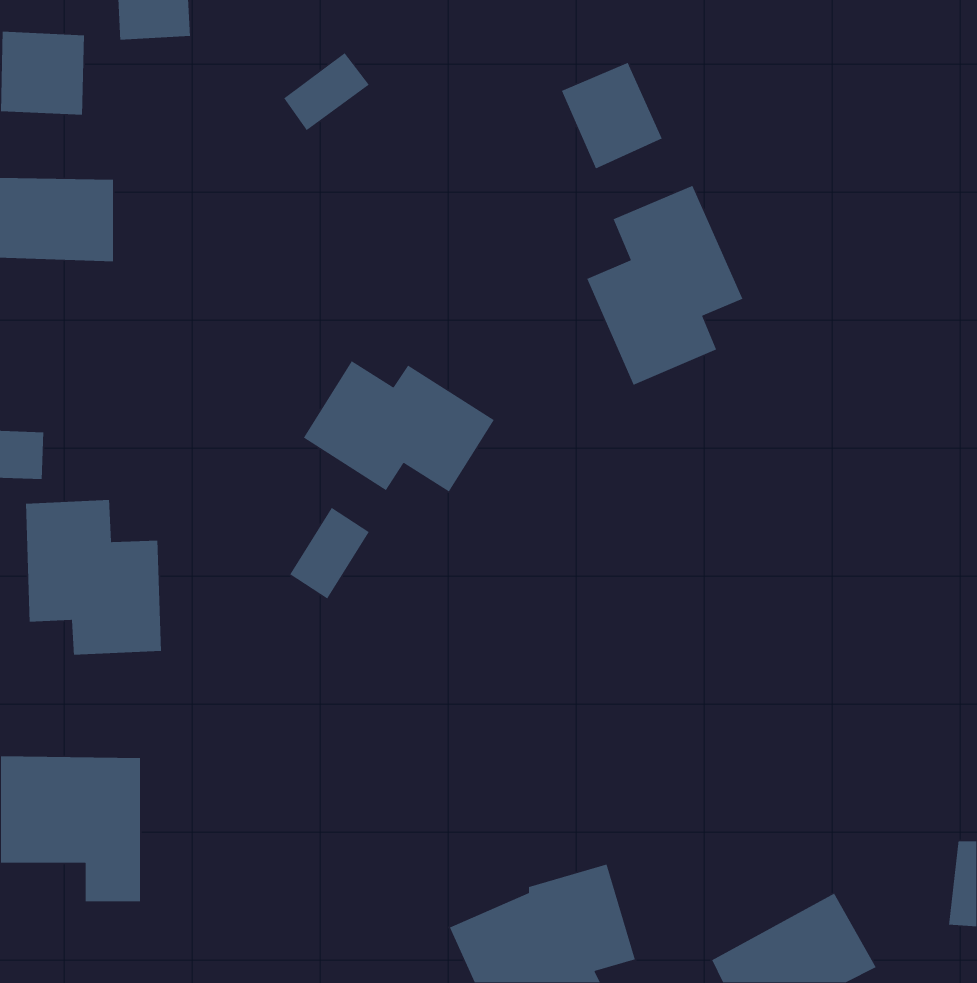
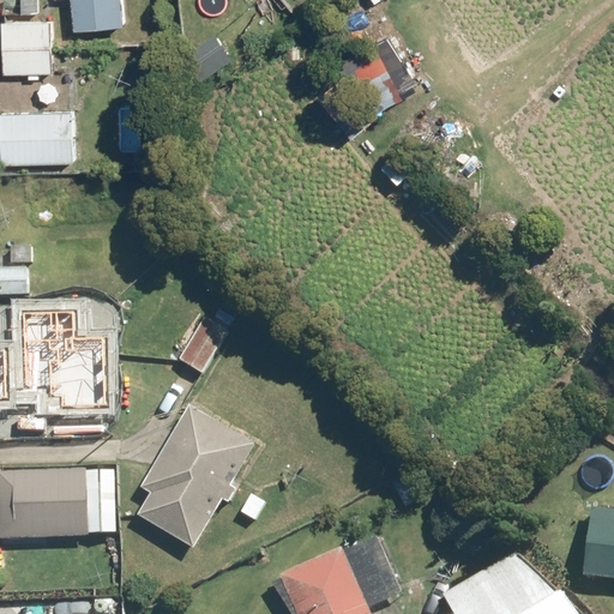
building: [586,185,743,386] -> none
building: [303,360,495,493] -> none
building: none -> [137,405,254,547]

